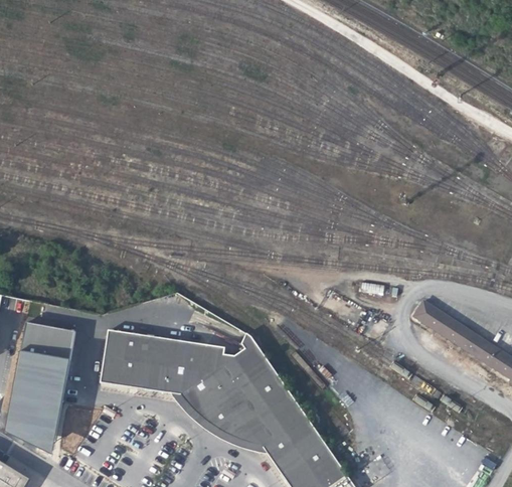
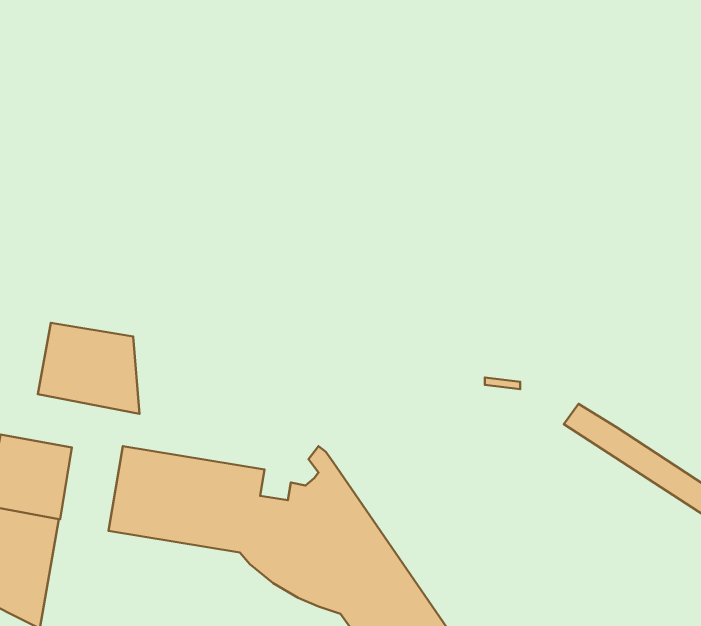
building: none -> [38,323,139,414]
building: [204,346,226,367] -> none

